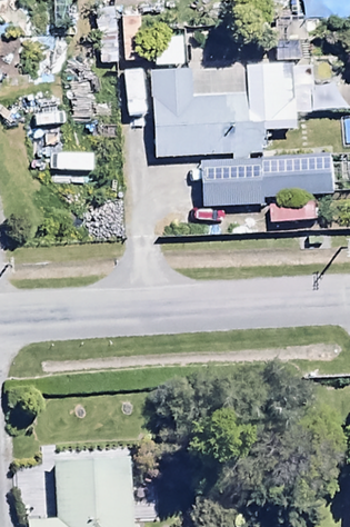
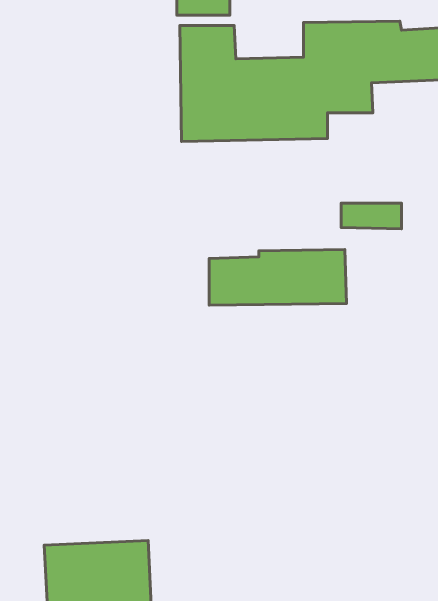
building: [231,155,332,196] -> [209,249,346,305]

